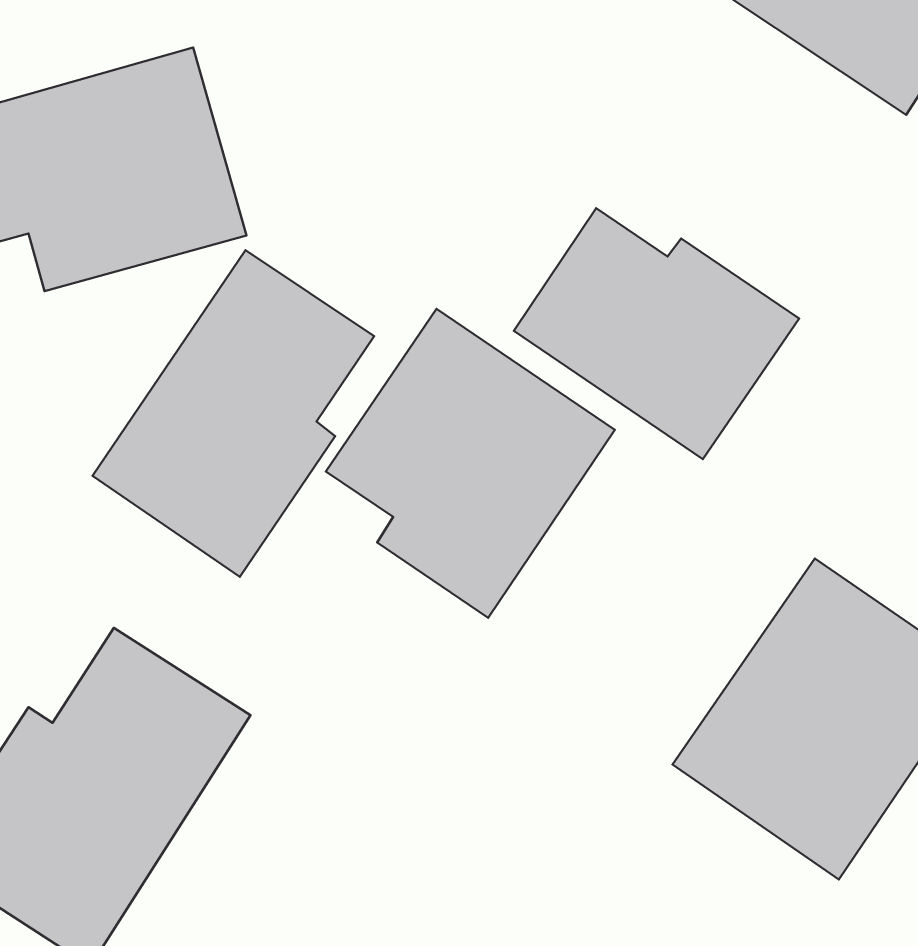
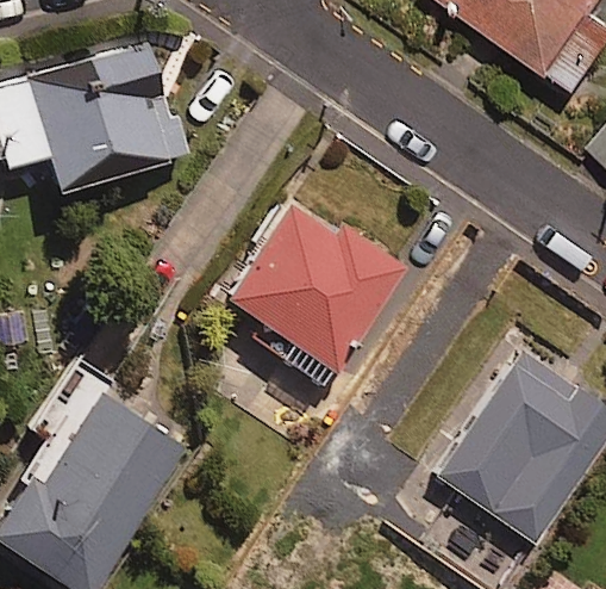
building: [514,208,799,459] -> none
building: [92,250,374,577] -> none

